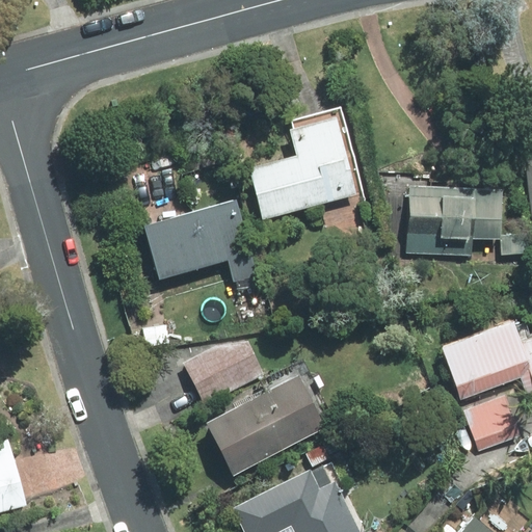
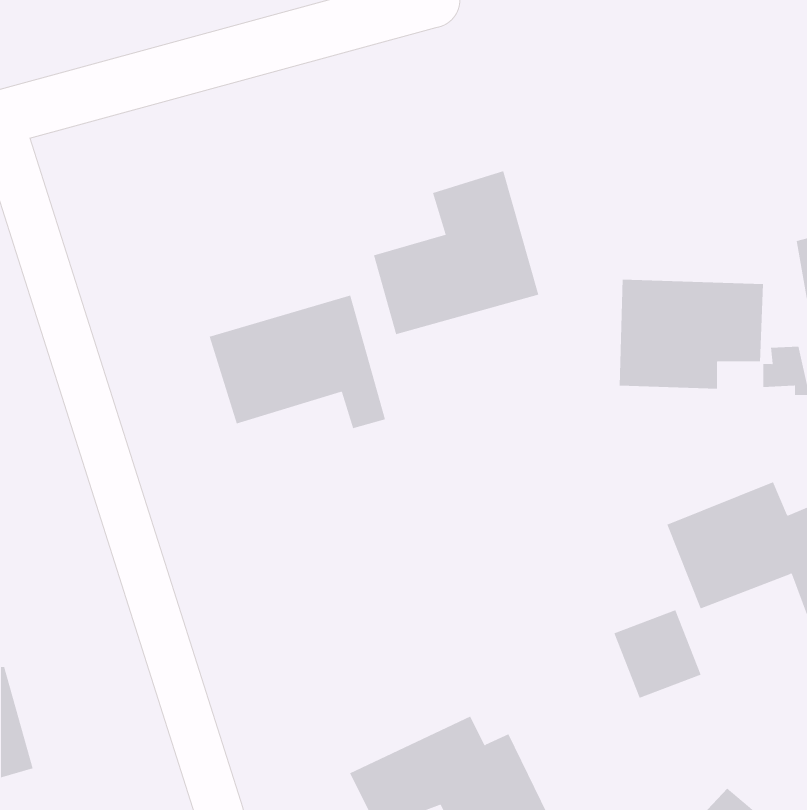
building: [184,340,266,405] -> none
building: [205,372,326,477] -> none
building: [466,395,523,453] -> [614,609,701,699]

